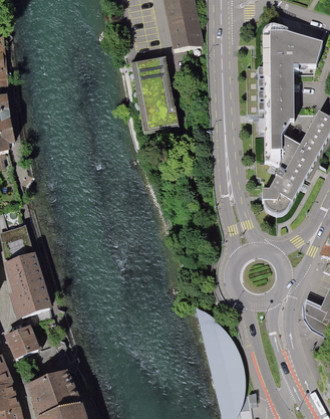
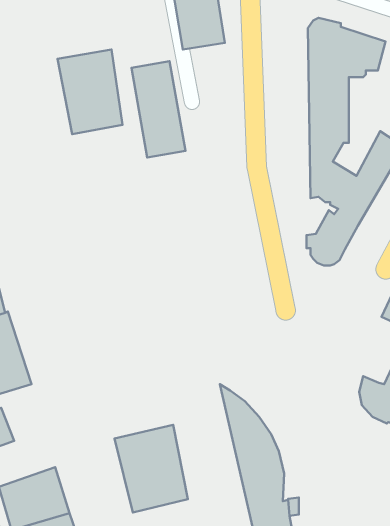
building: none -> [58,49,123,134]
building: none -> [114,425,188,512]

